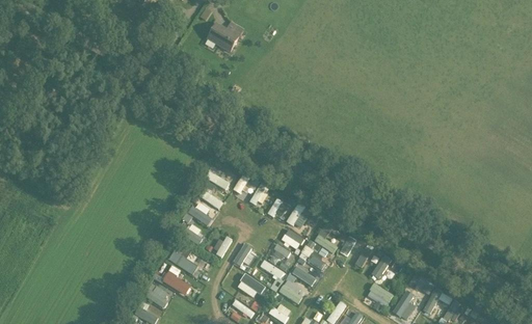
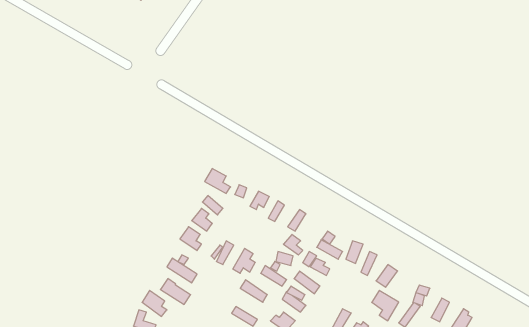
building: [208,24,239,52] -> none

